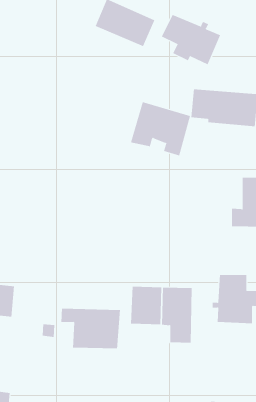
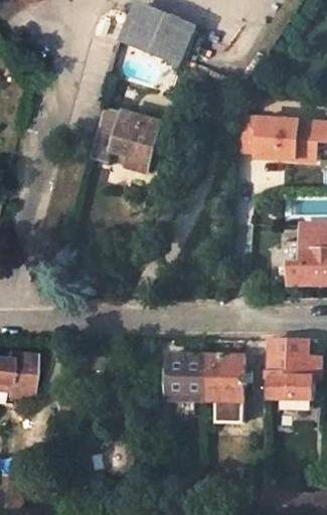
building: [161,14,221,65] -> none
building: [130,101,191,156] -> [88,107,160,172]
building: [61,308,120,349] -> none

